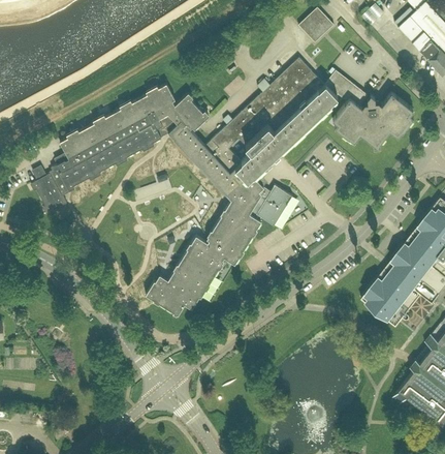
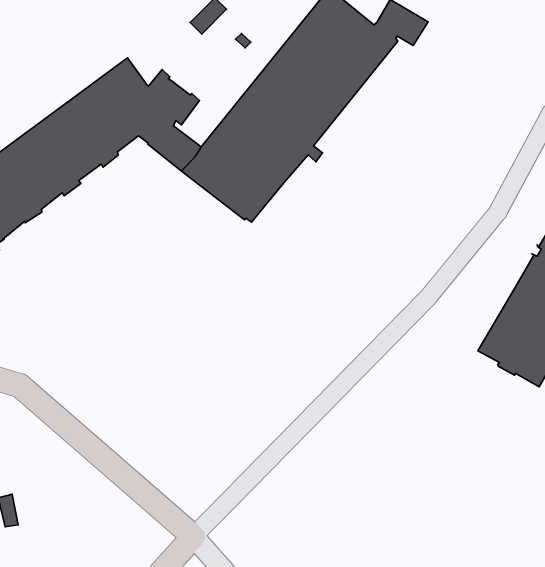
building: [333,88,414,147] -> none
building: [146,176,292,314] -> none

